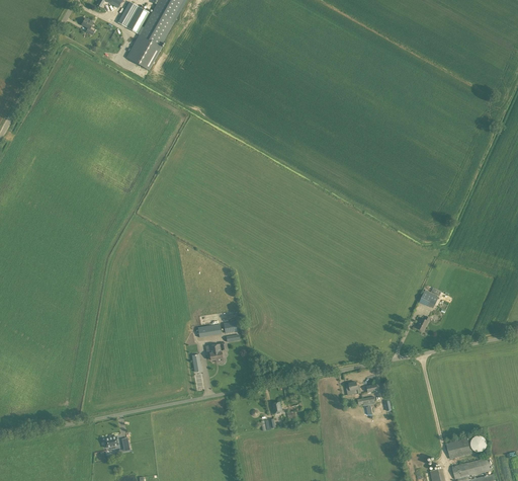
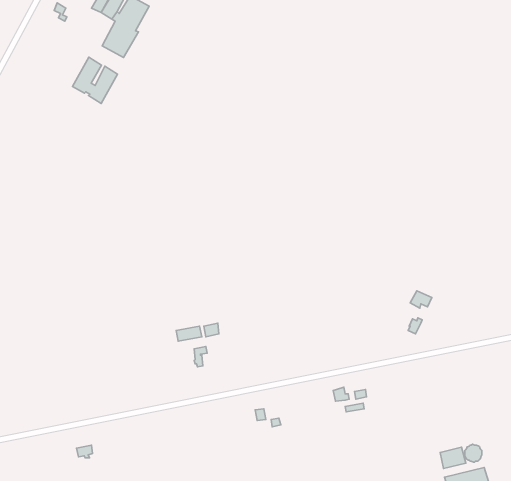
building: none -> [73,57,118,103]

